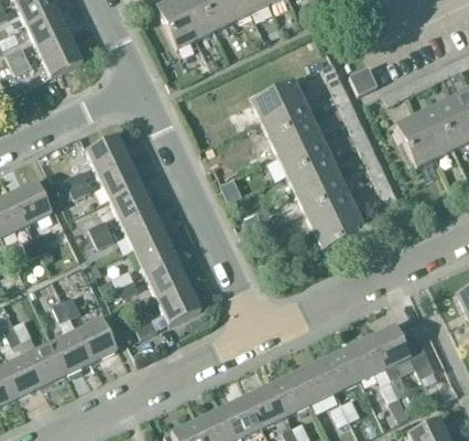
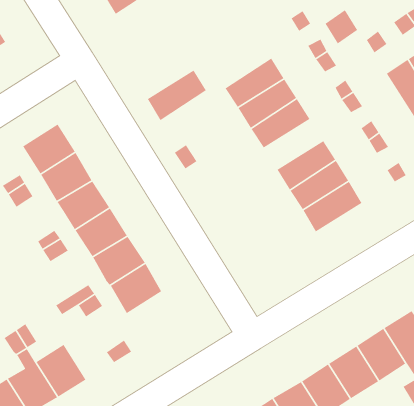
building: [252,80,303,120] -> [147,70,207,121]
building: [287,154,338,193] -> none
building: [157,283,201,324] -> none

